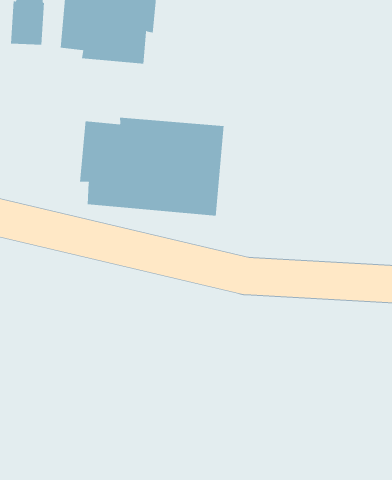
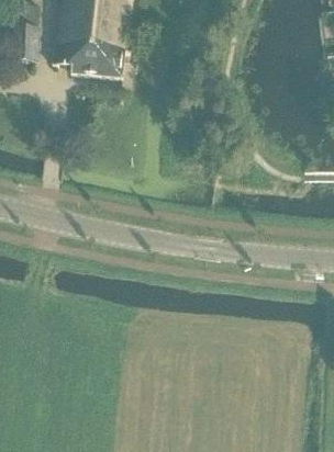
building: [80,117,224,216] -> none

